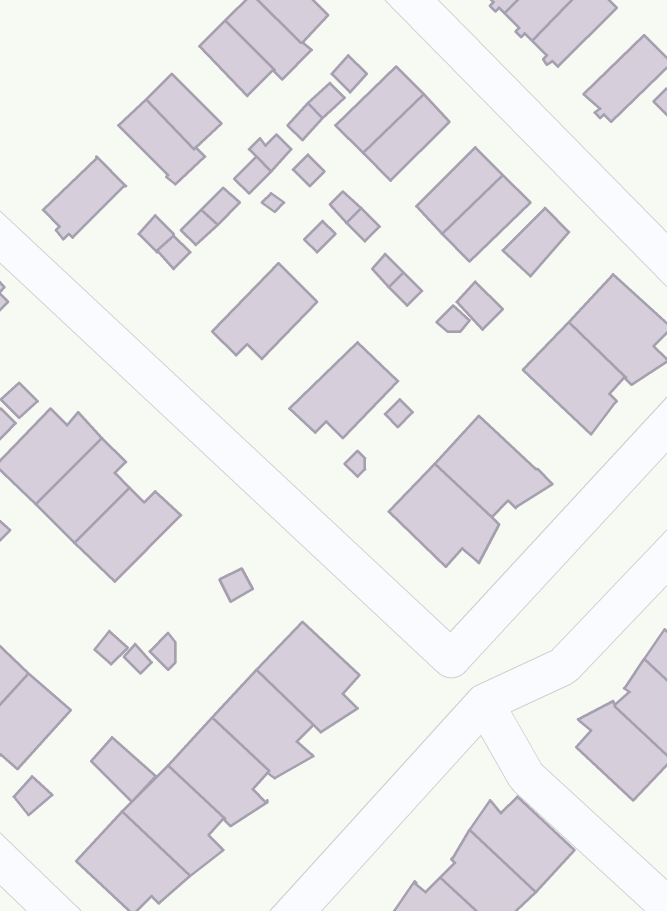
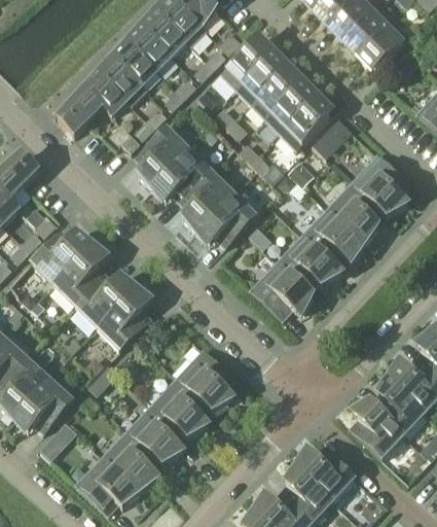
building: none -> [345,5,394,54]
building: none -> [130,27,172,70]
building: none -> [252,69,299,116]
building: none -> [84,71,128,114]
building: none -> [136,127,189,186]
building: none -> [180,170,233,230]
building: none -> [301,208,364,264]
building: none -> [98,289,151,349]
building: [91,737,156,802] -> none

